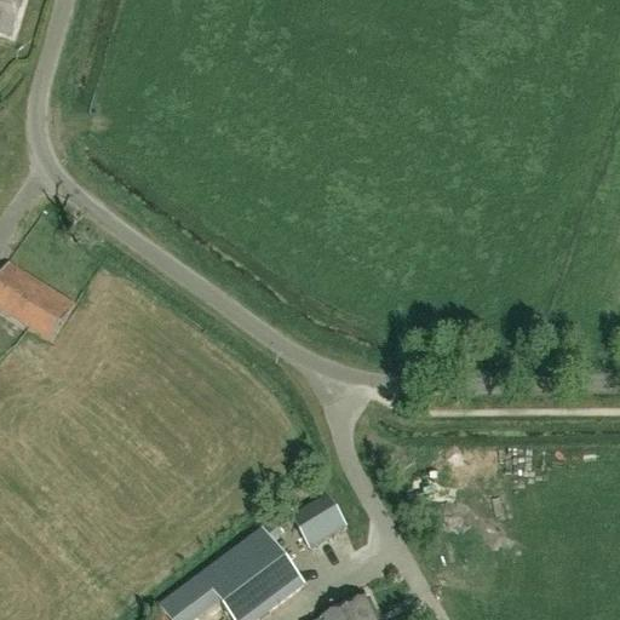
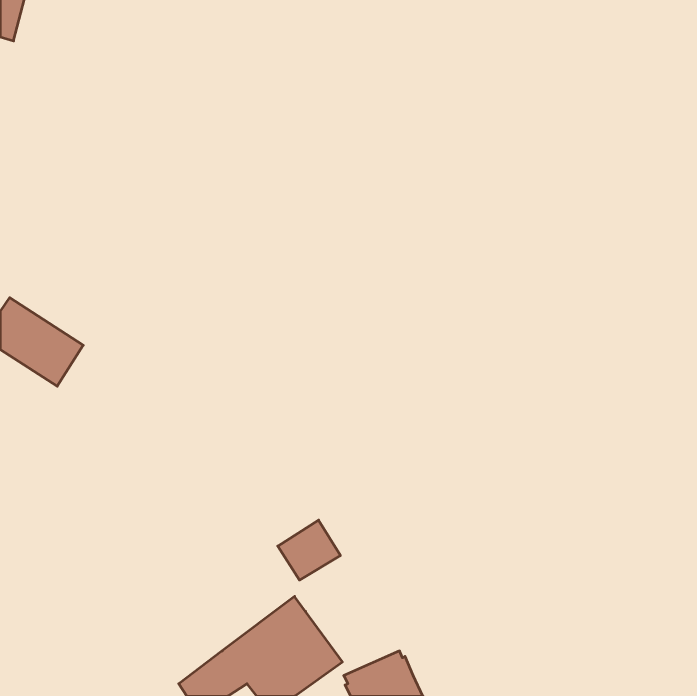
building: [289,496,345,550] -> [278,520,340,580]

